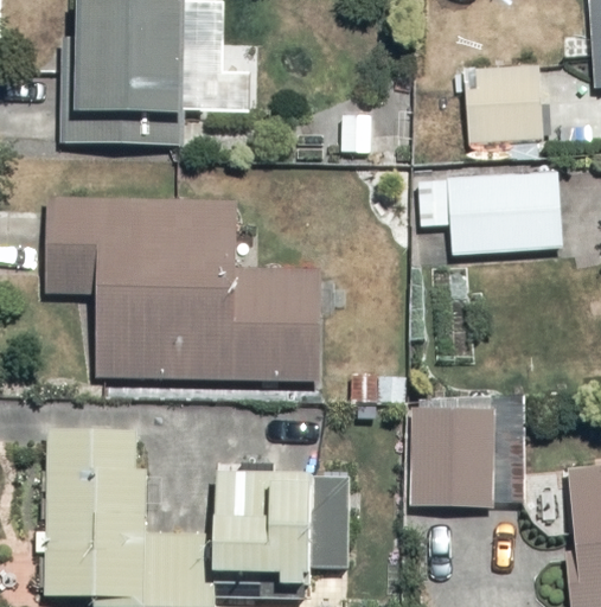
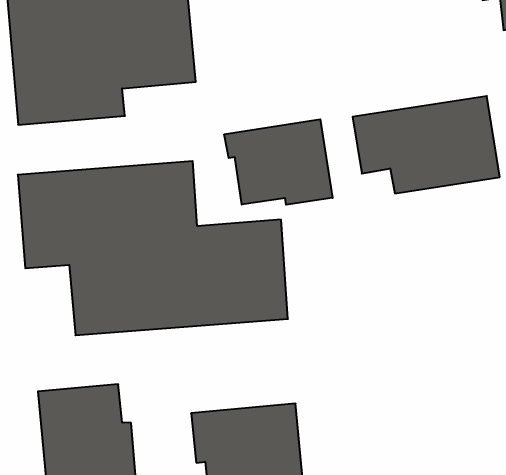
building: [465,64,541,155] -> none
building: none -> [224,119,333,205]
building: [408,403,494,504] -> none

